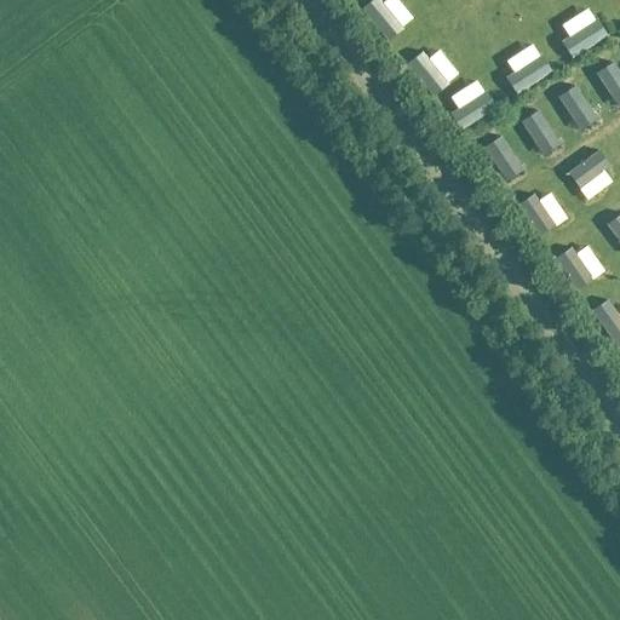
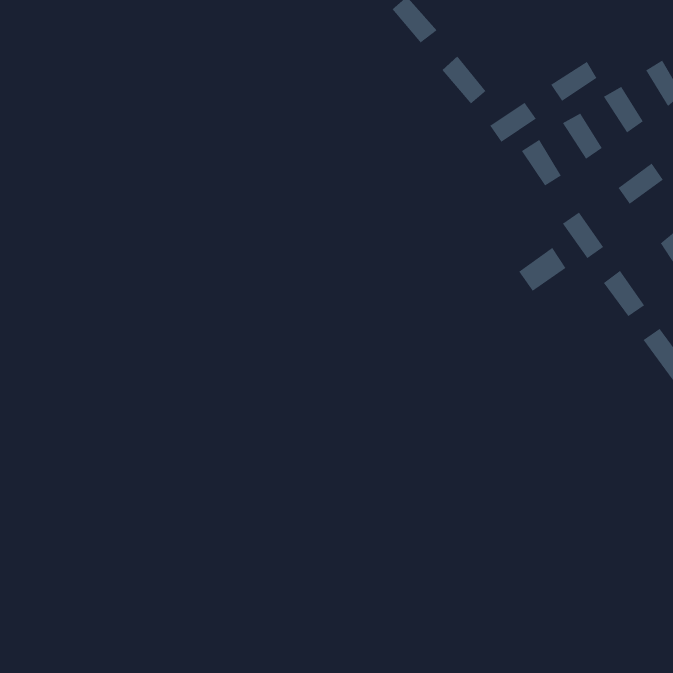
building: [563,19,607,57] -> none
building: none -> [518,247,566,292]

